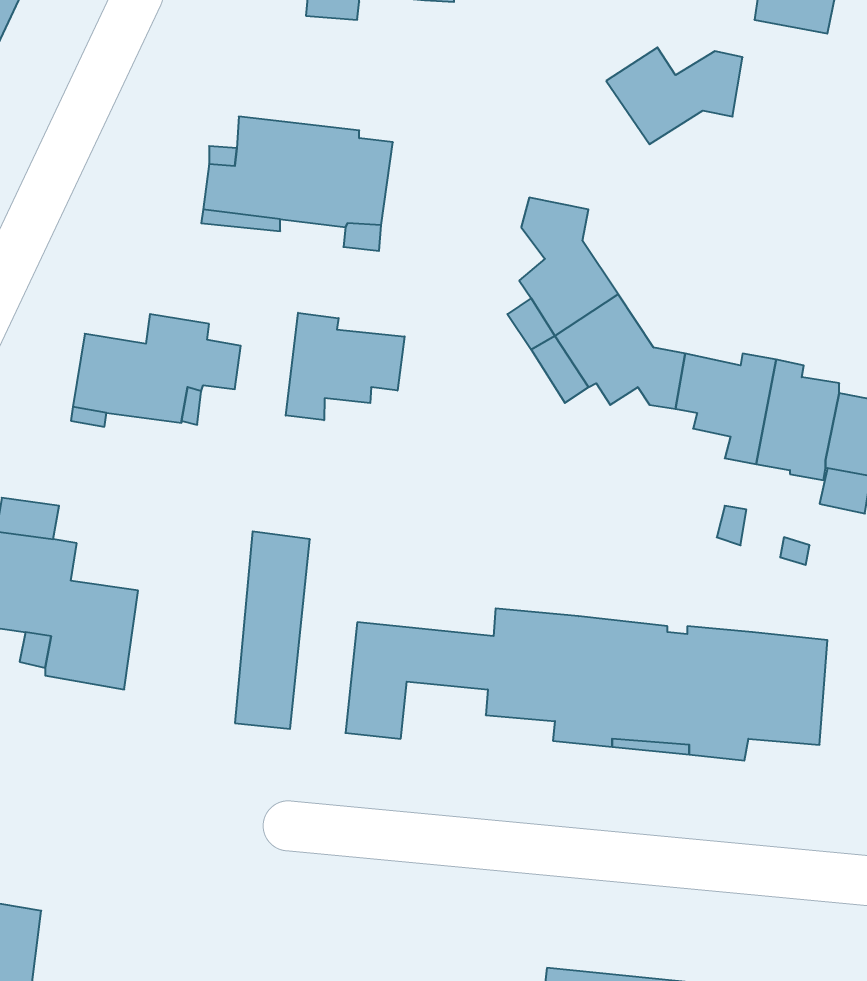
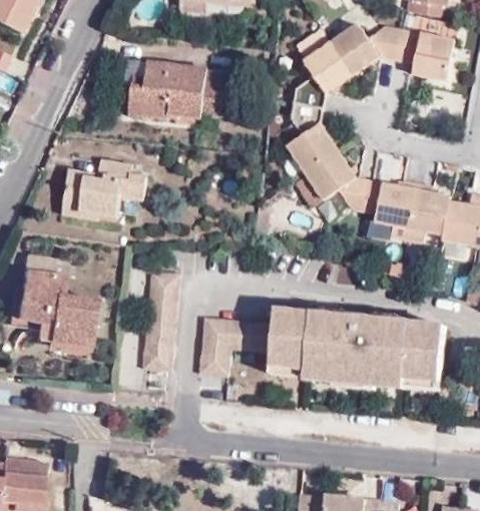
building: none -> [294,27,355,107]
building: none -> [397,30,455,80]
building: [286,313,405,420] -> none

